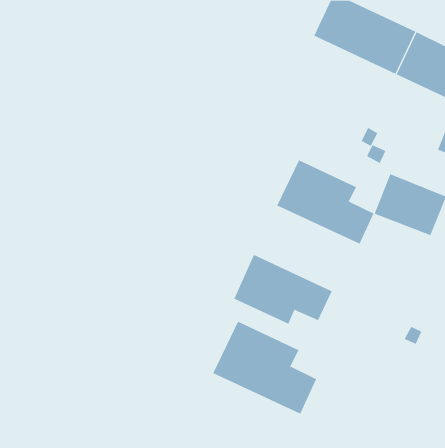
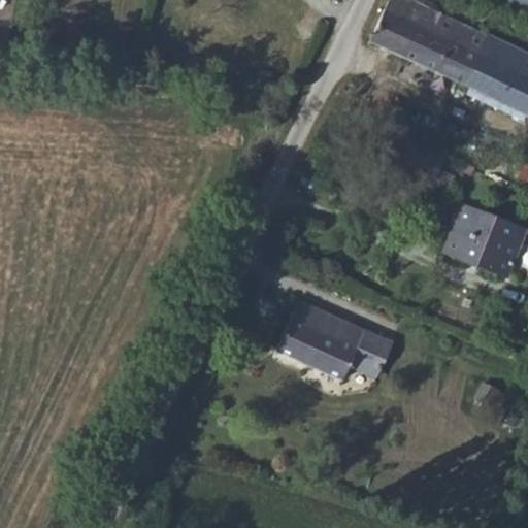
building: [277,160,374,244] -> none
building: [213,321,317,415] -> none

